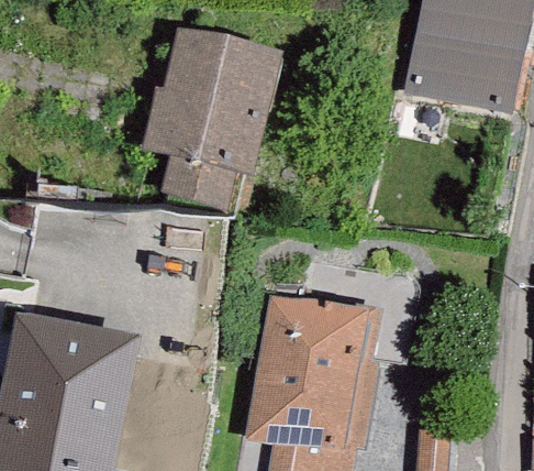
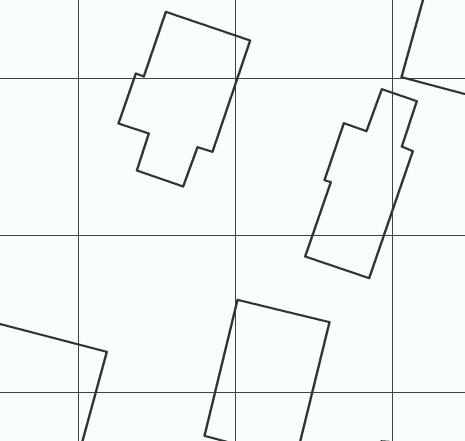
building: none -> [305,89,417,278]

